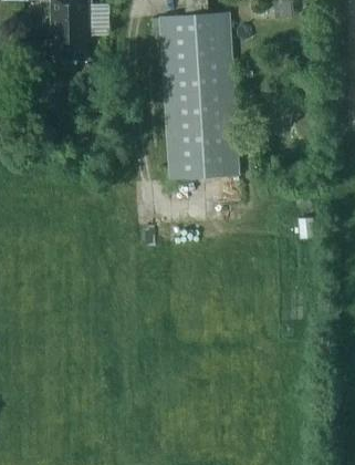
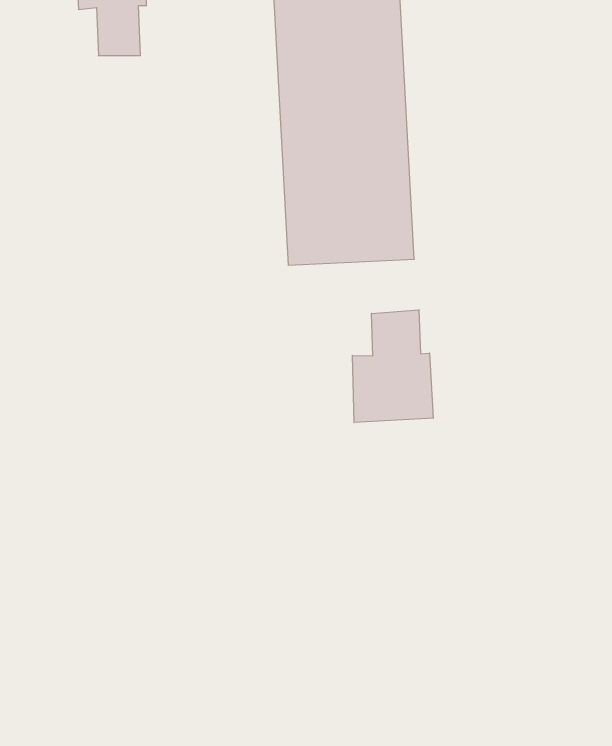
building: none -> [352,310,433,423]

